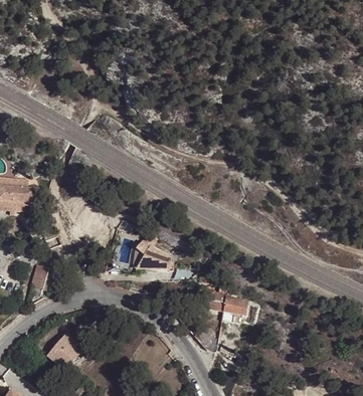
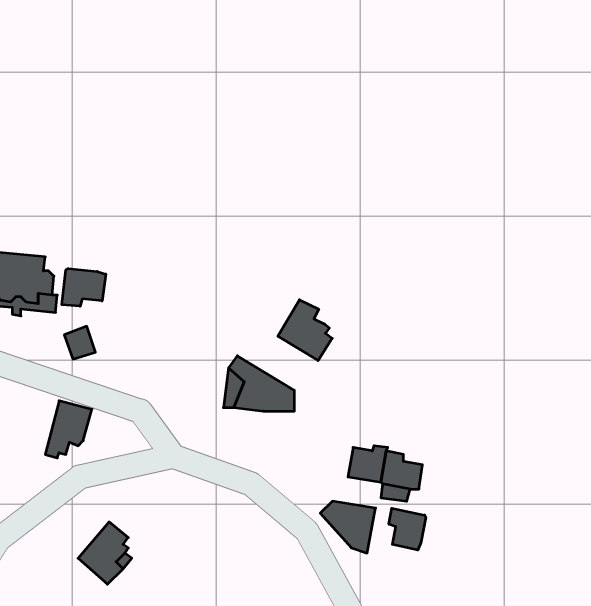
building: none -> [62,269,106,306]
building: none -> [278,300,332,361]
building: none -> [389,508,426,550]

